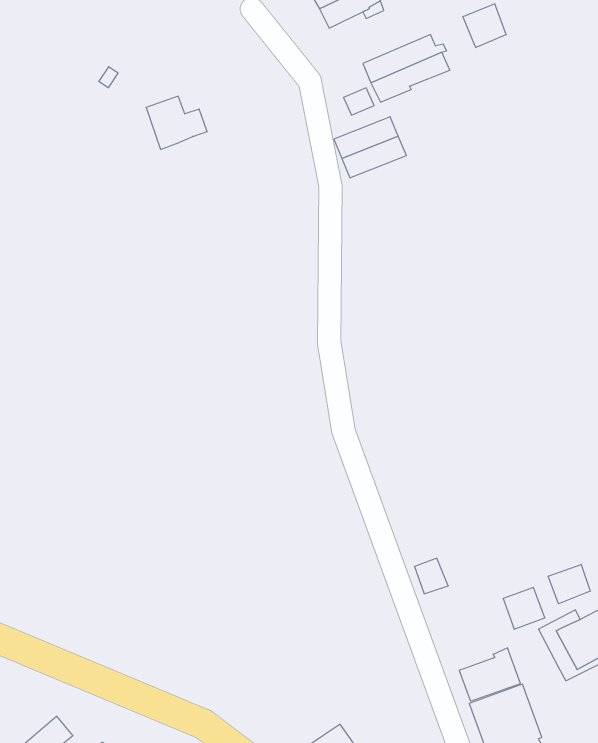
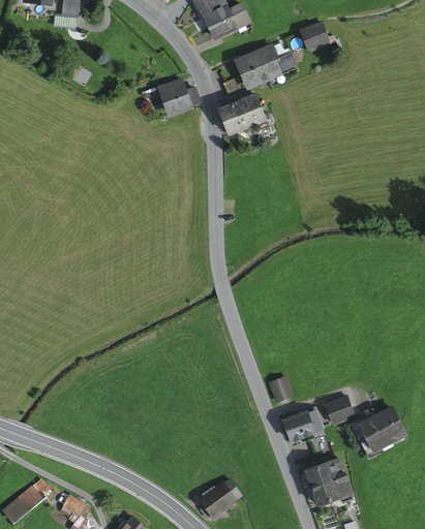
building: [146,96,207,149] -> [159,79,199,113]
building: [548,564,590,604] -> none
building: [459,648,520,701] -> [283,405,323,439]

